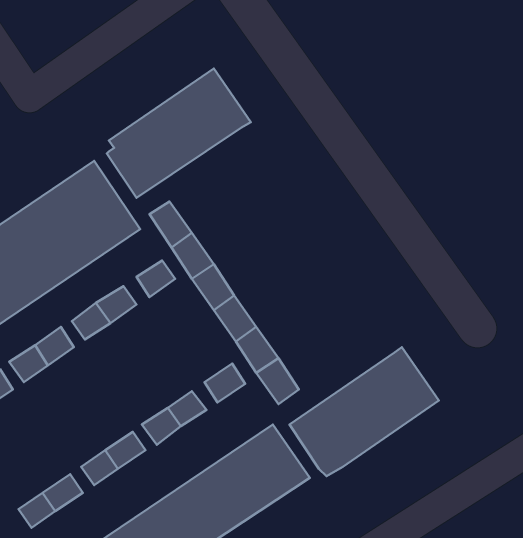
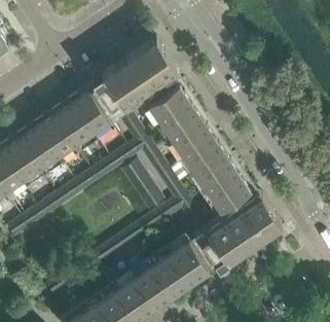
building: none -> [147,83,249,210]
building: none -> [119,163,162,213]

